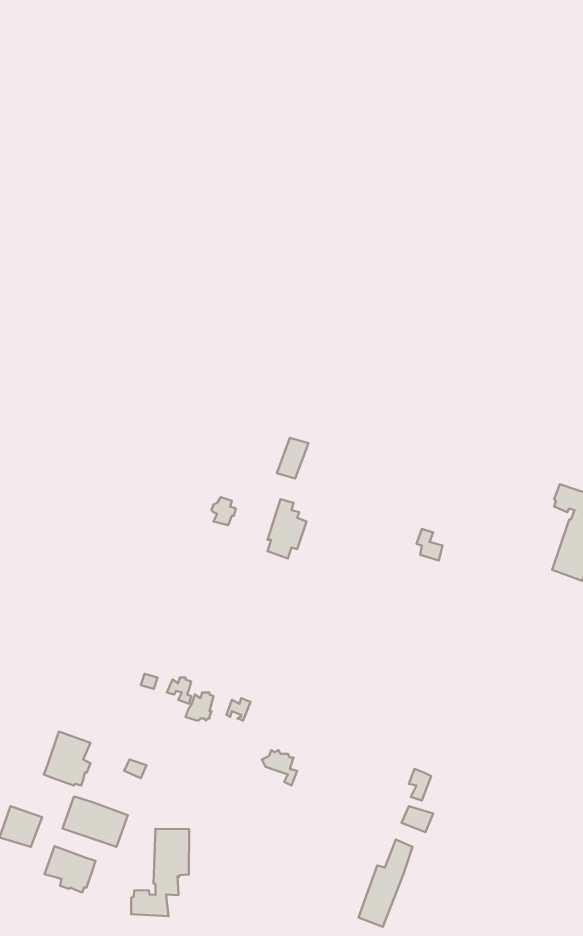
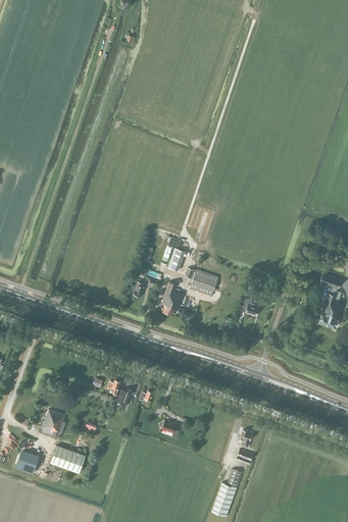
building: none -> [185,267,218,296]
building: [131,829,189,916] -> none
building: [45,846,95,892] -> none

